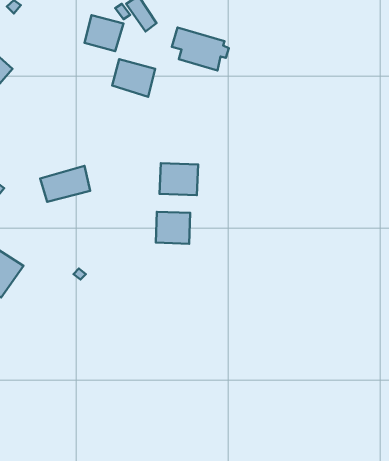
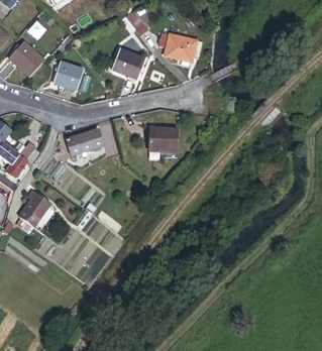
building: [85,15,123,51] -> [52,63,81,89]
building: [156,212,190,244] -> none

